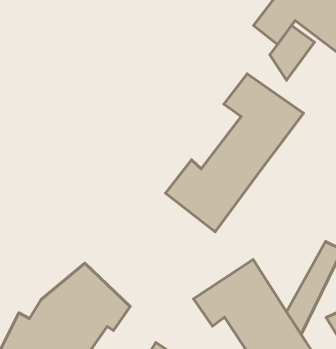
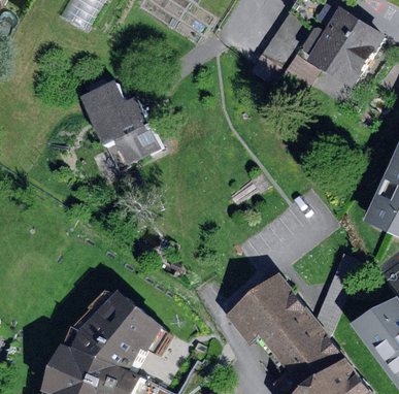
building: none -> [80,79,161,164]
building: [166,74,304,232] -> none

